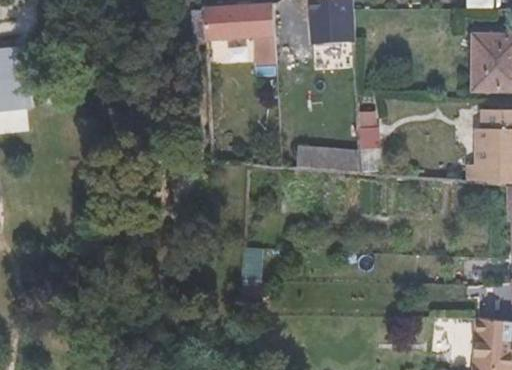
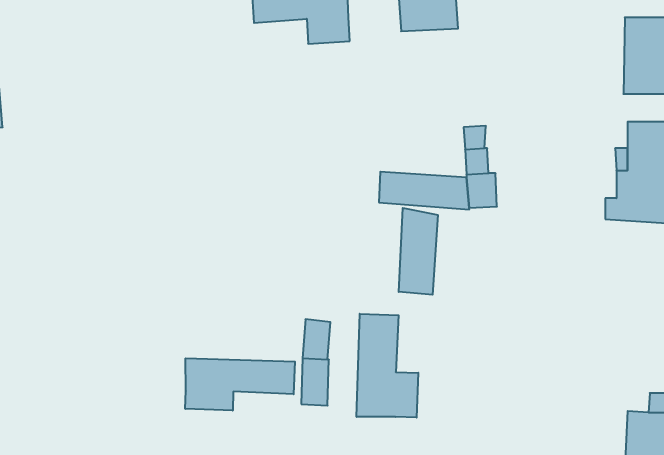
building: none -> [399,208,438,295]
building: none -> [357,314,418,418]
building: none -> [185,358,295,411]

